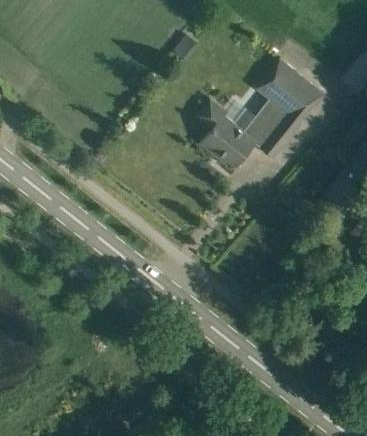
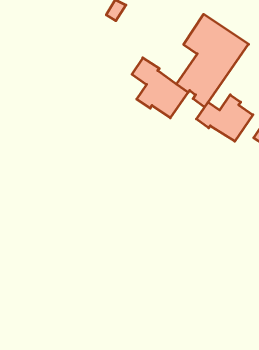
building: none -> [196,95,253,141]

